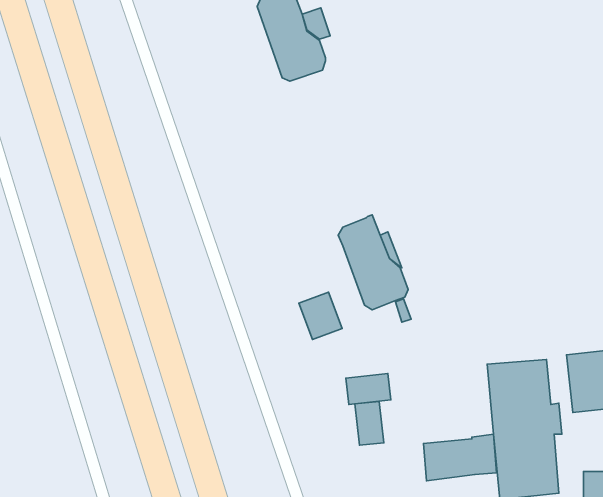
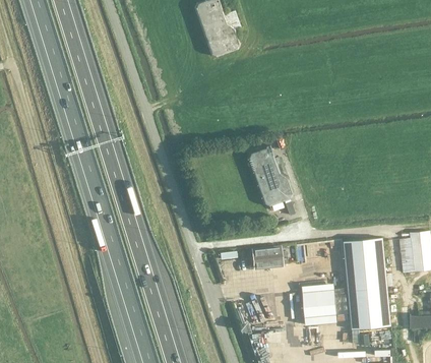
building: [299,292,342,339] -> none
building: [355,401,384,445] -> none

